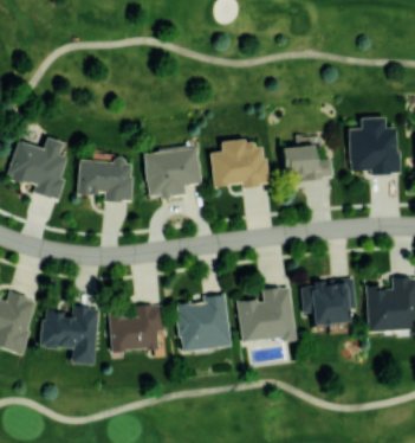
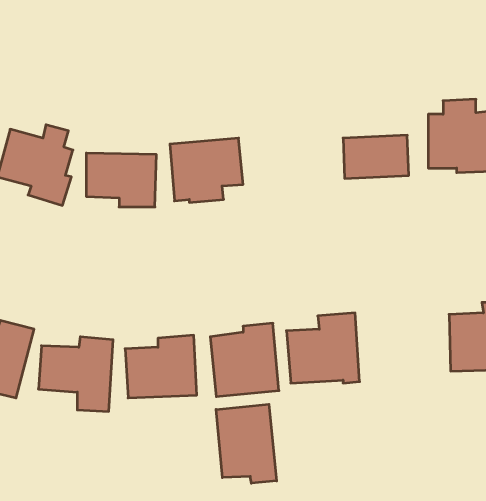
building: [210,140,268,187] -> none
building: [300,278,357,325] -> none
building: none -> [216,404,277,483]

